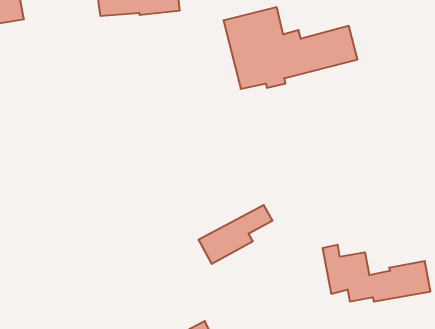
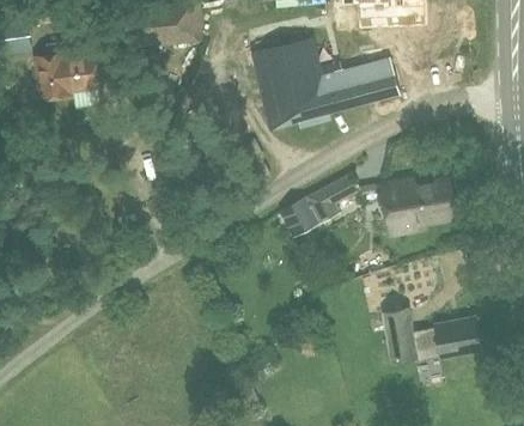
building: none -> [32,37,104,98]
building: none -> [380,178,456,233]
building: [198,205,273,264] -> [279,172,360,237]

